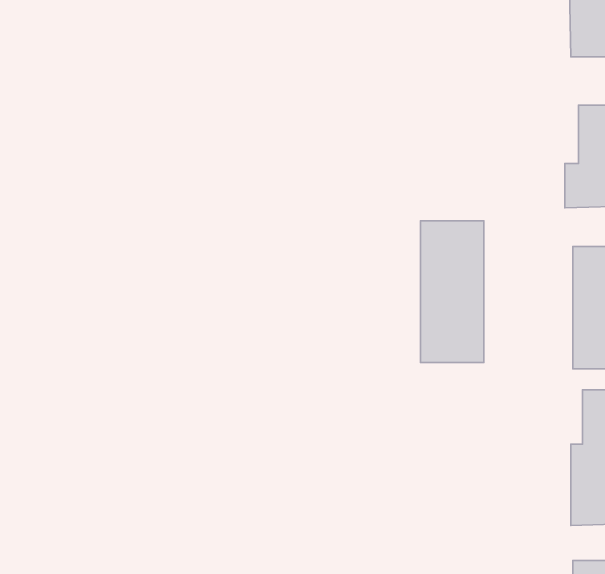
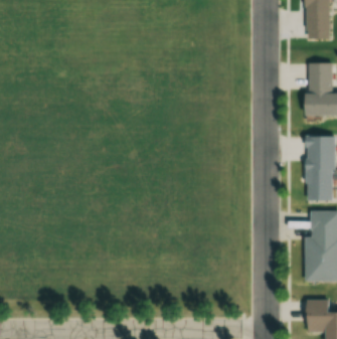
building: [421,221,484,362] -> none

